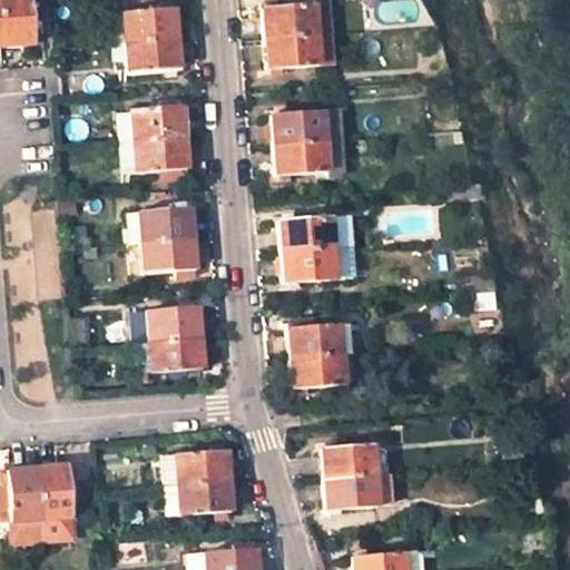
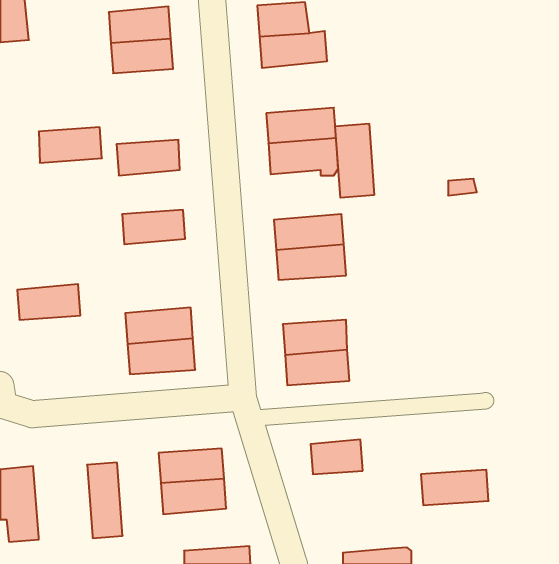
building: [124,109,187,145] -> [39,127,102,163]
building: none -> [335,124,374,198]
building: [132,239,196,275] -> [17,284,80,320]
building: [41,465,77,541] -> [87,463,123,538]
building: [322,471,390,507] -> [421,470,489,505]

